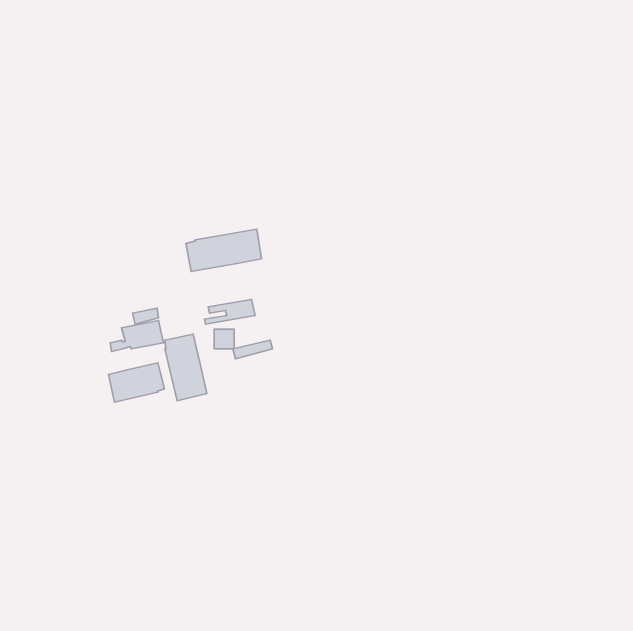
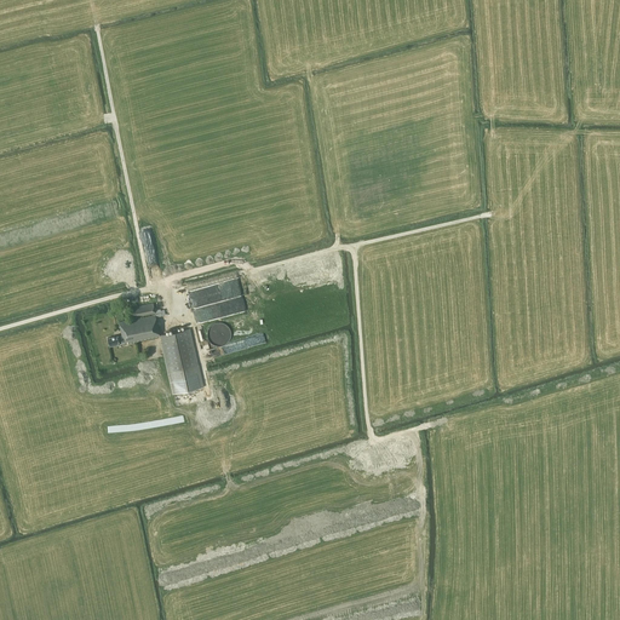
building: [186,229,261,271] -> none
building: [109,363,164,402] -> none

